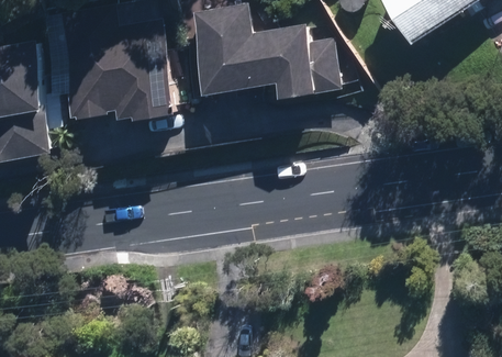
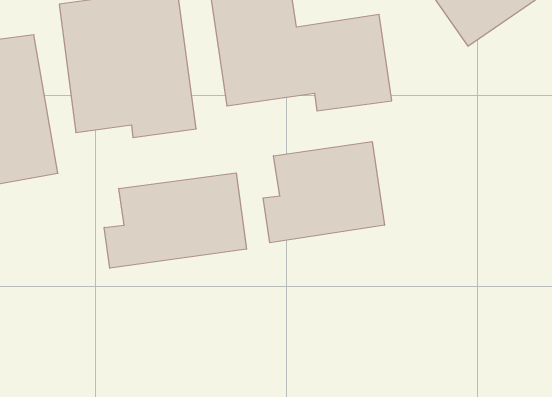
building: none -> [263,142,384,243]
building: none -> [104,173,246,268]

